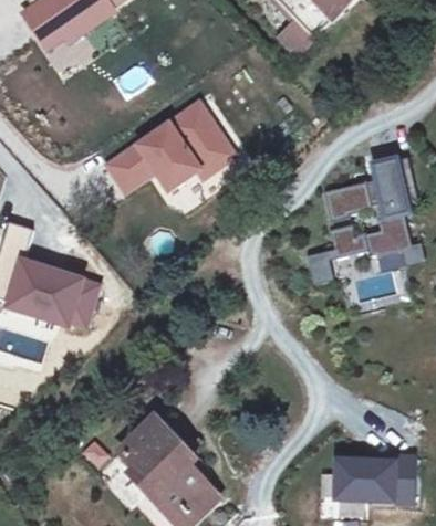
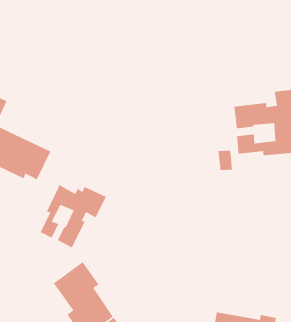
building: [107,104,228,190] -> none
building: none -> [39,184,107,248]

